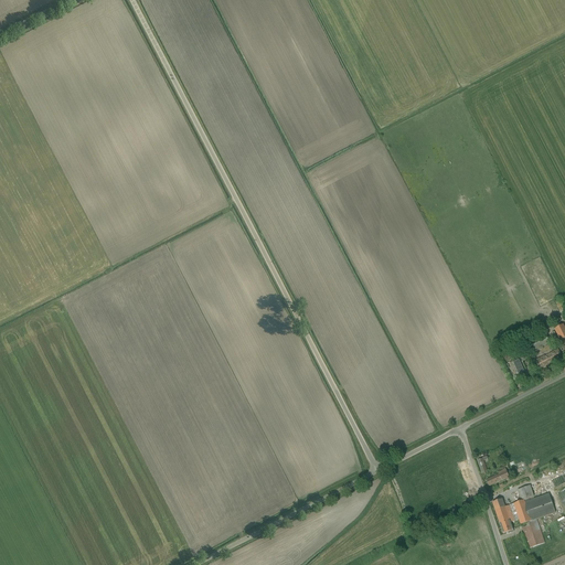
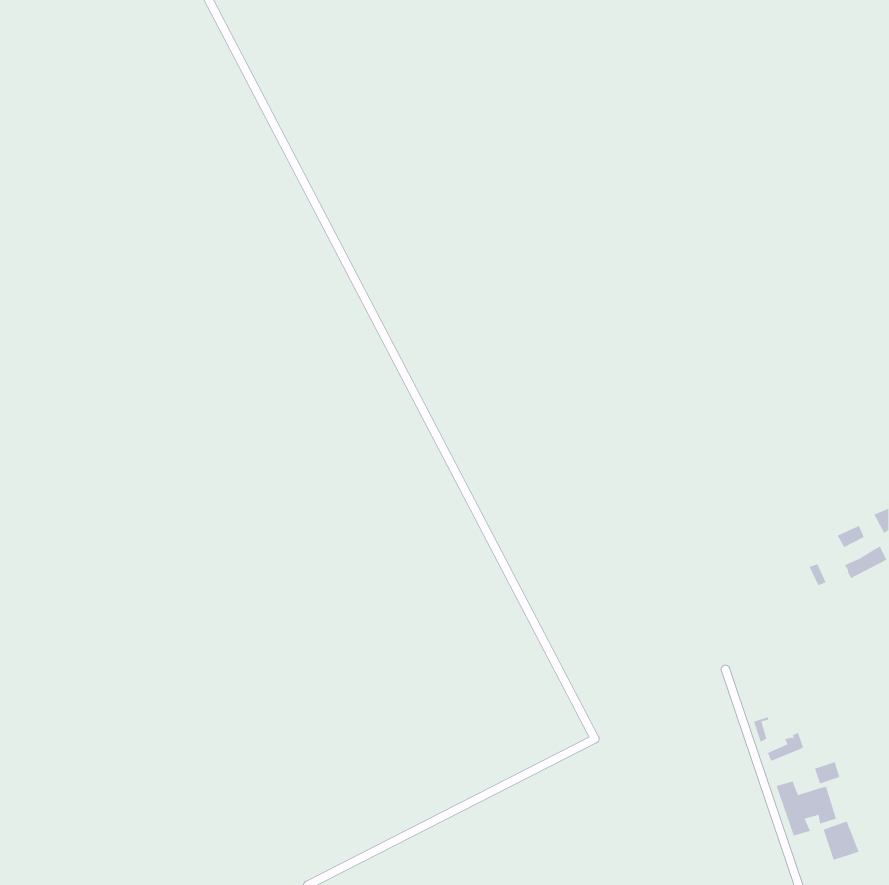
building: [525,491,555,519] -> none

